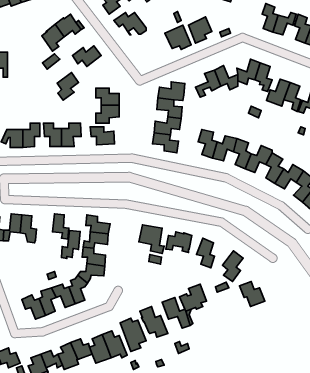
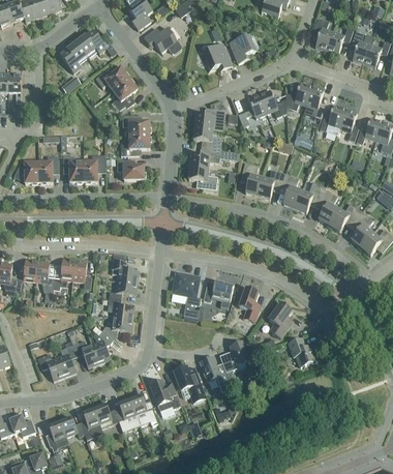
building: [57,72,79,100] -> [112,78,137,110]
building: [61,230,80,258] -> [53,259,74,291]

